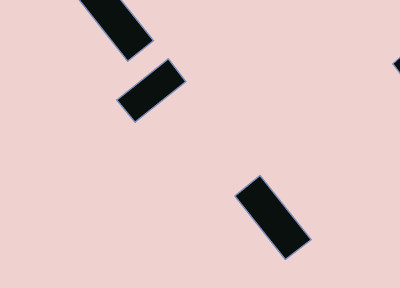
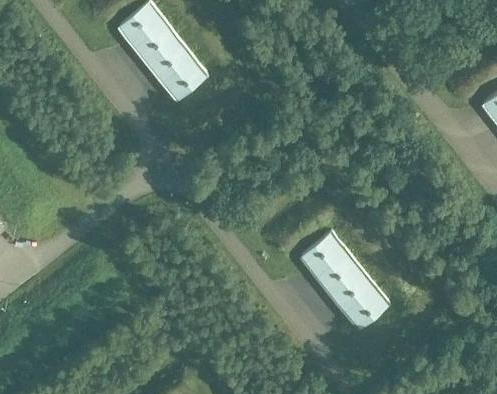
building: [117,59,186,122] -> none

